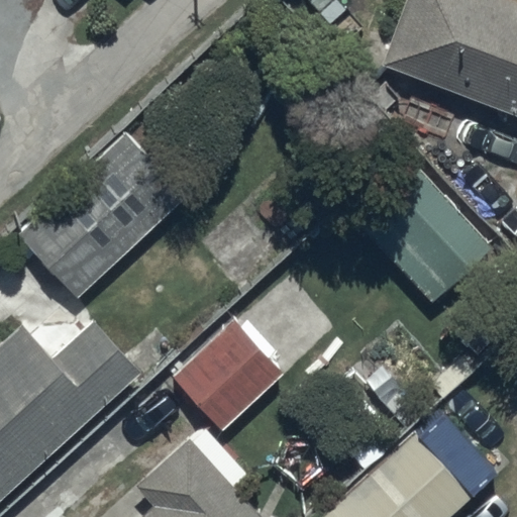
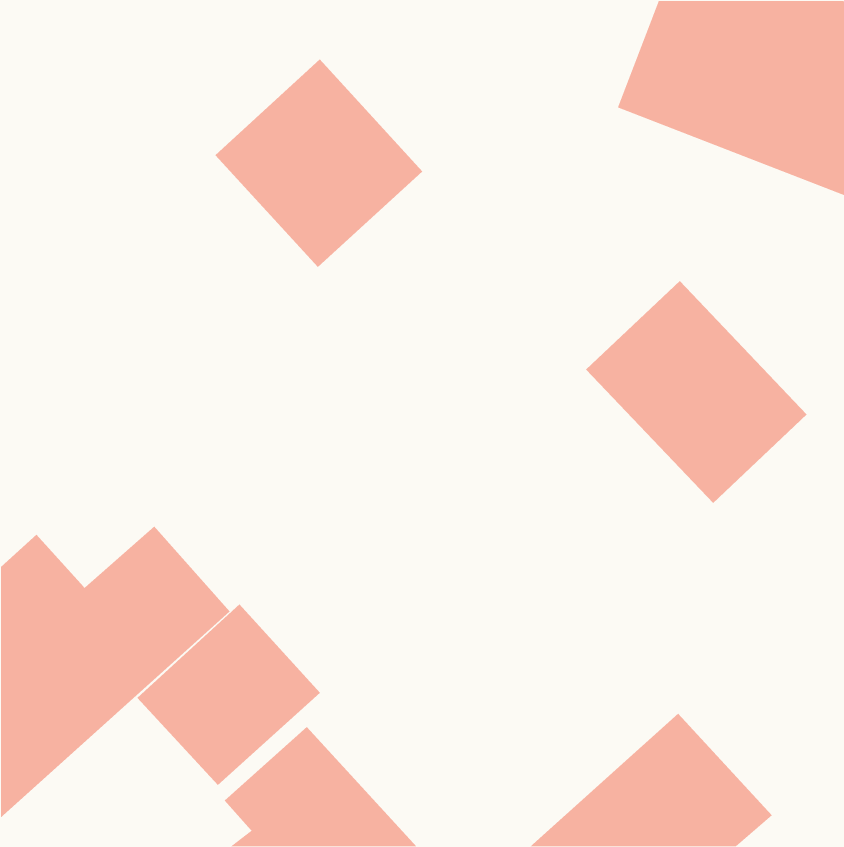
building: none -> [215,59,423,268]
building: [20,136,183,296] -> none
building: [171,319,283,430] -> [137,603,321,786]

